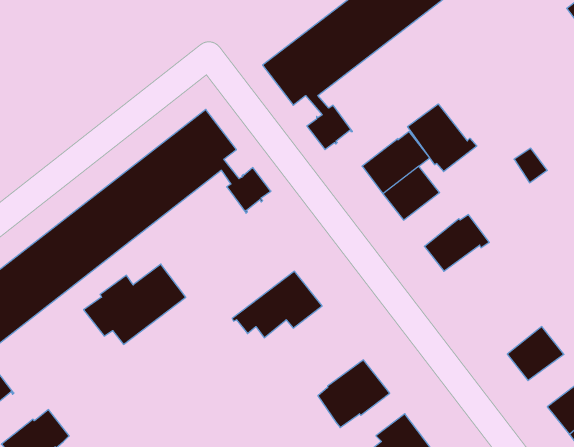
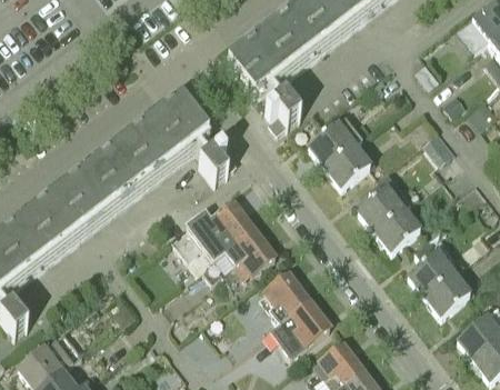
building: [408,104,477,172] -> none
building: none -> [373,204,420,249]
building: [84,264,186,344] -> [171,199,253,263]
building: none -> [408,238,452,292]
building: none -> [264,270,309,318]

